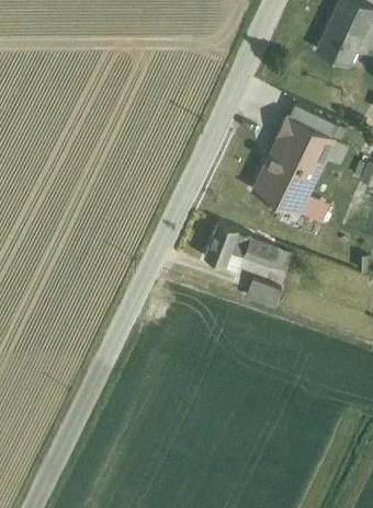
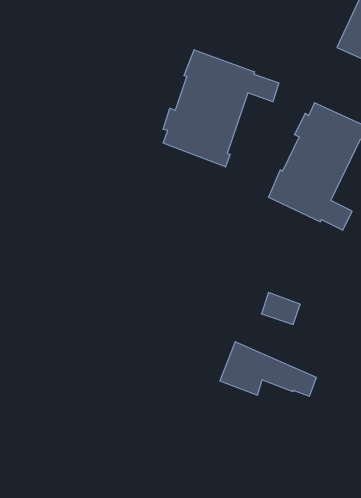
building: none -> [163,50,279,167]
building: [203,223,293,274] -> [220,342,316,396]

